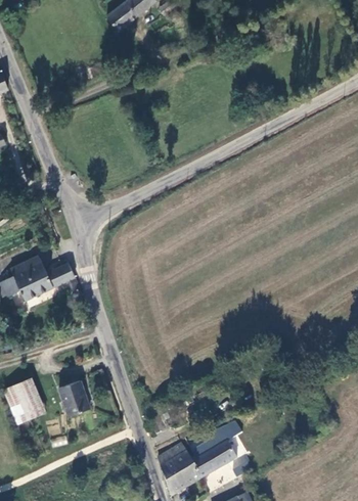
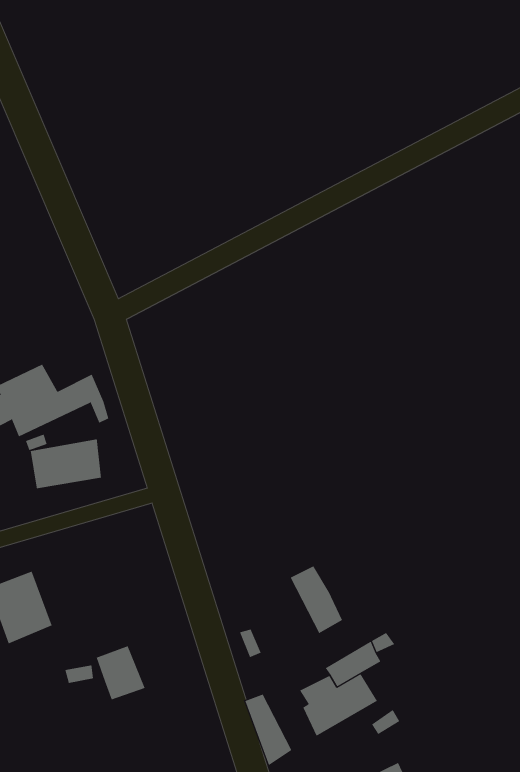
building: none -> [30,439,102,489]
building: [59,383,89,416] -> [96,645,145,700]
building: [170,446,202,487] -> [290,565,343,634]

